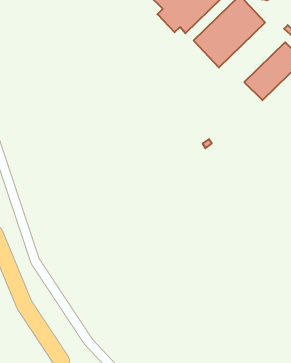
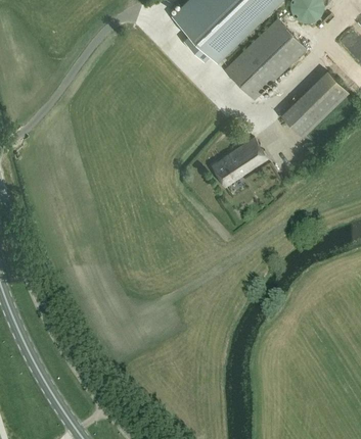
building: none -> [211,136,268,185]

